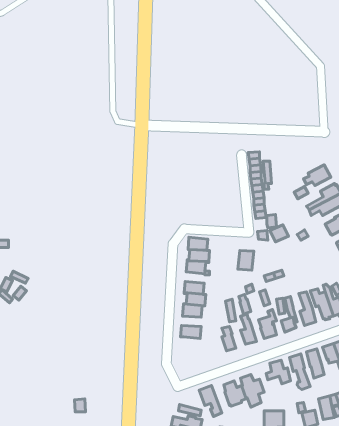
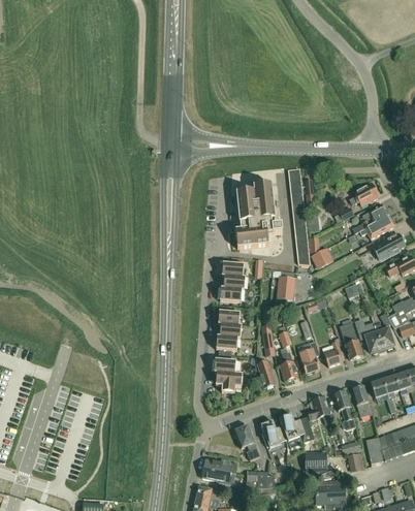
building: none -> [235,183,283,248]
building: none -> [216,372,243,392]

